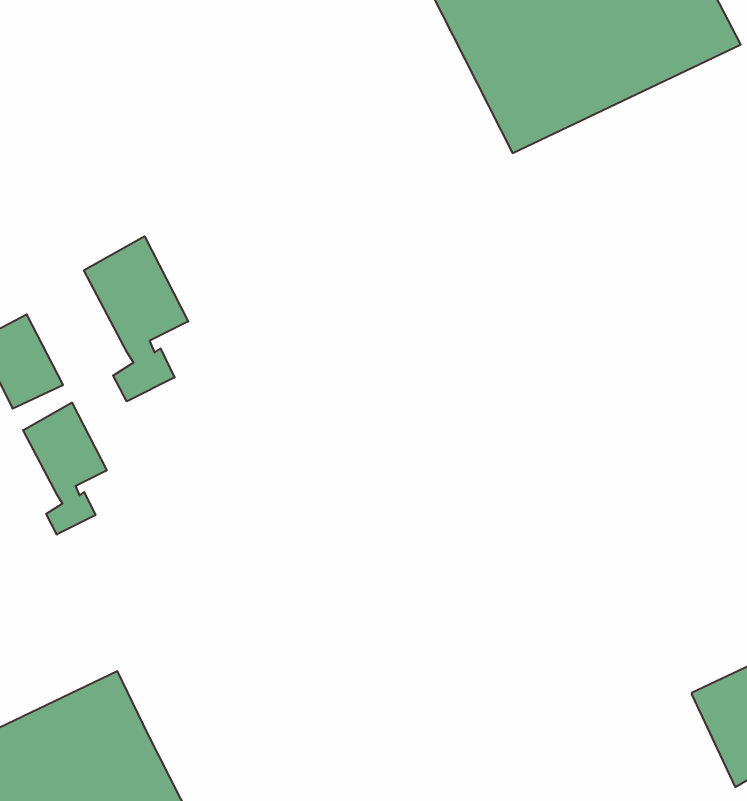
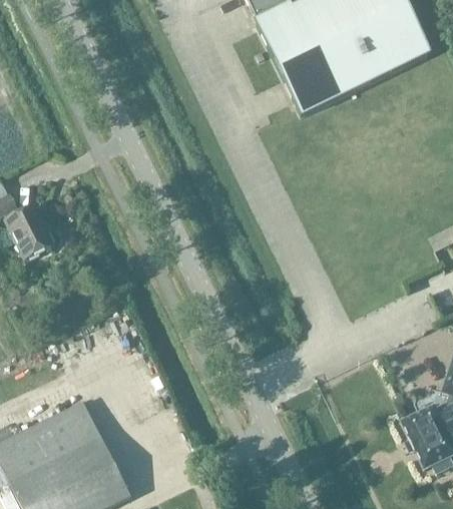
building: [84,236,188,401] -> none
building: [23,403,107,535] -> none

